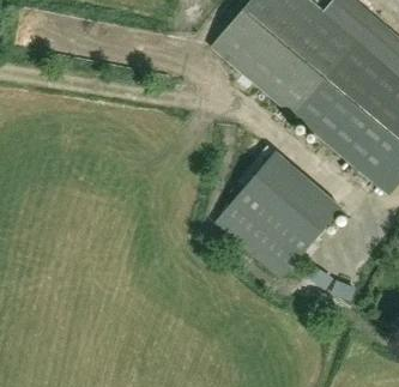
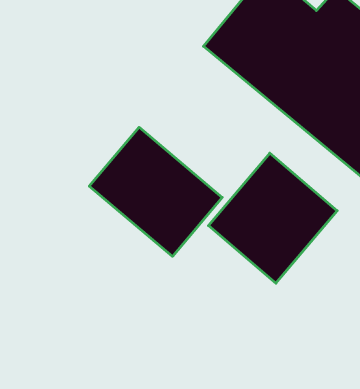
building: none -> [89,127,222,256]

